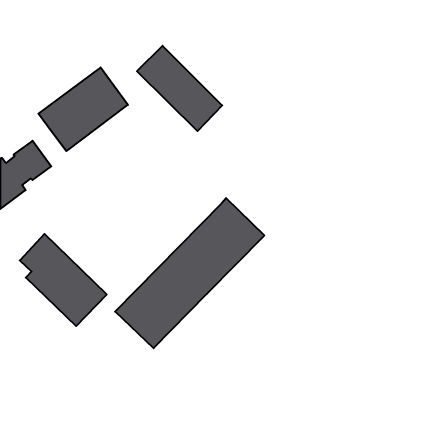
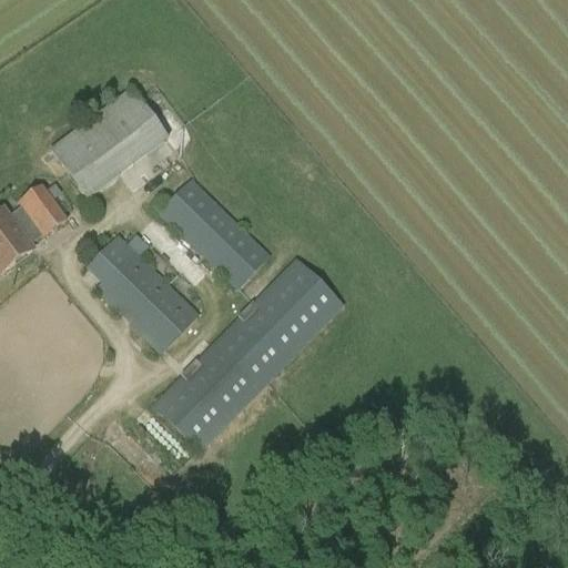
building: [137,46,222,131] -> [160,179,271,290]
building: [20,234,107,326] -> [87,234,200,354]

